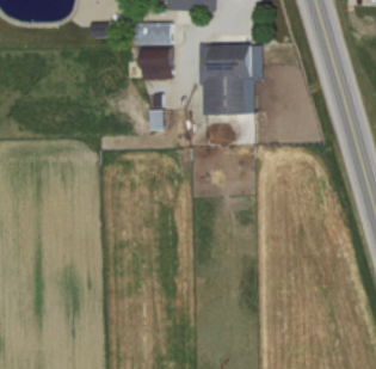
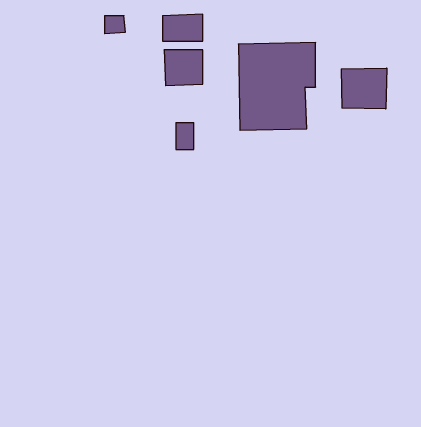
building: none -> [341,68,387,109]

